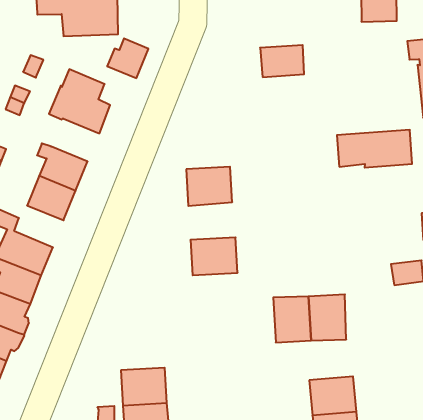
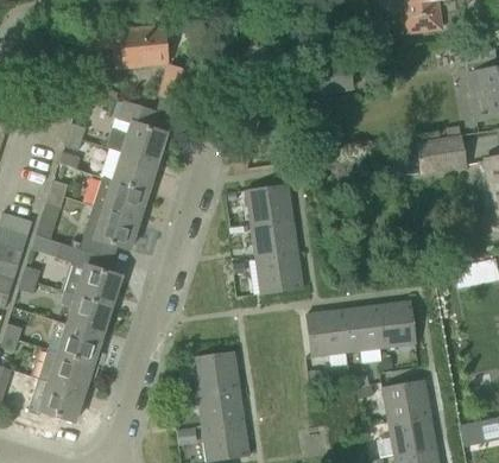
building: none -> [112,150,158,190]
building: none -> [251,218,299,259]
building: none -> [307,309,347,357]
building: none -> [192,351,240,392]

